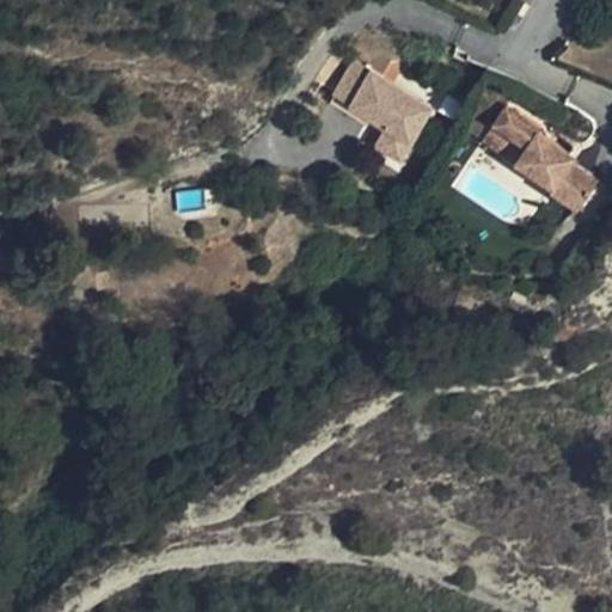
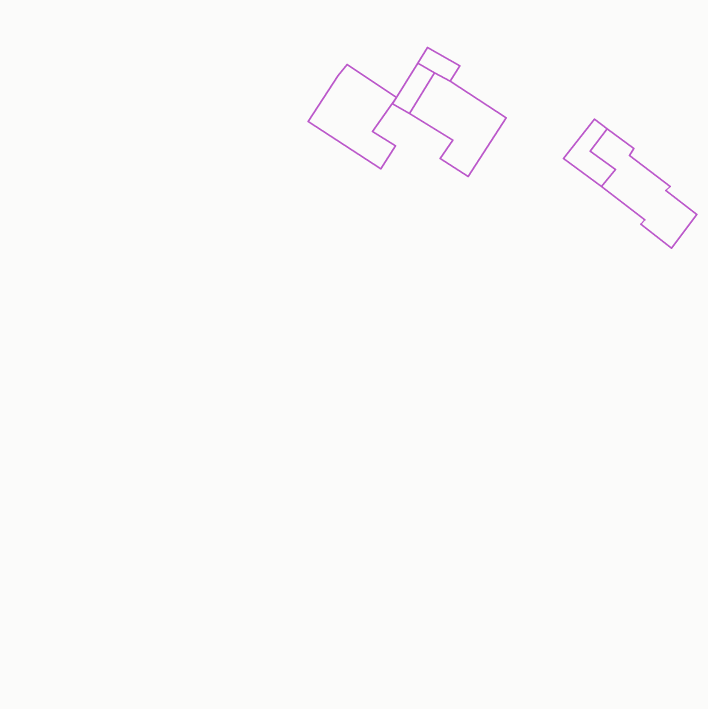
building: none -> [308,65,396,169]

